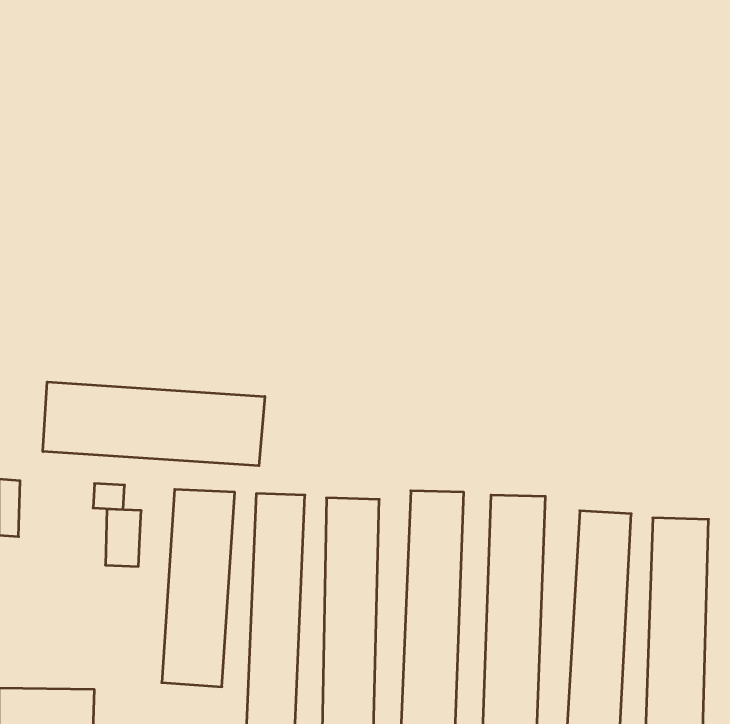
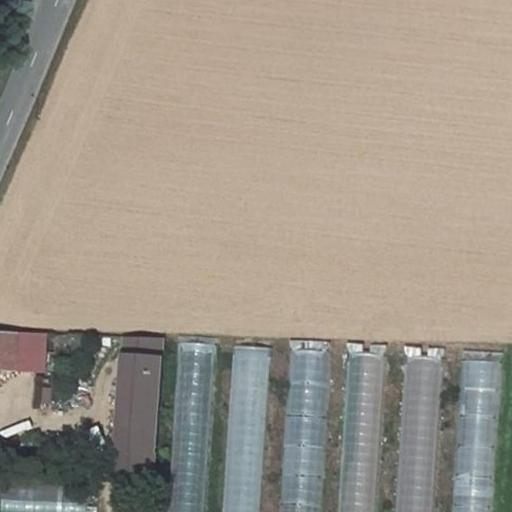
building: [43,382,265,466] -> none
building: [105,509,141,566] -> [13,341,38,381]

